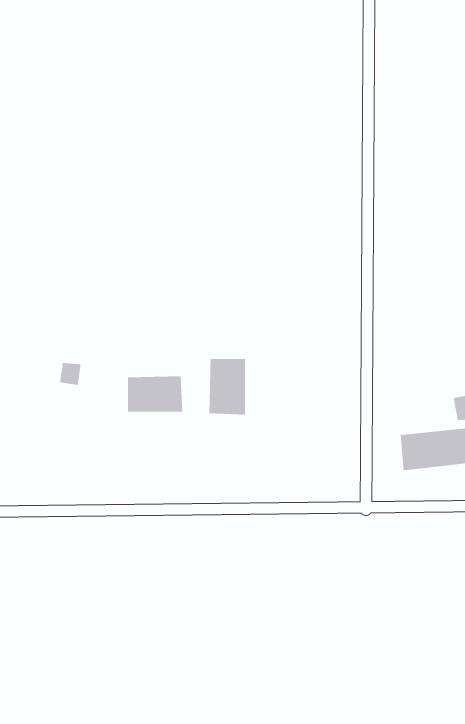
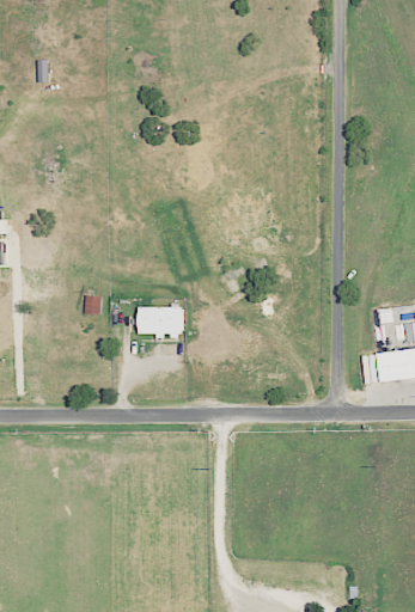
building: [209,358,246,415] -> none

